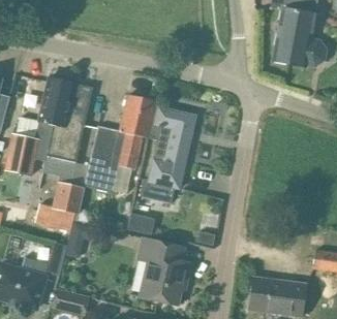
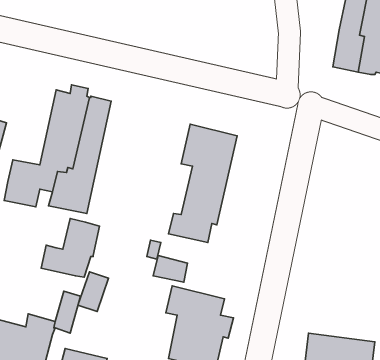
building: [84,96,155,193] -> none

